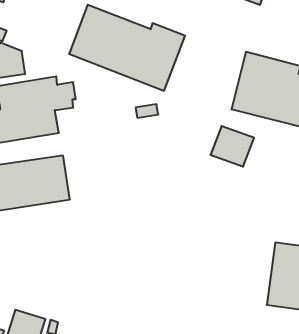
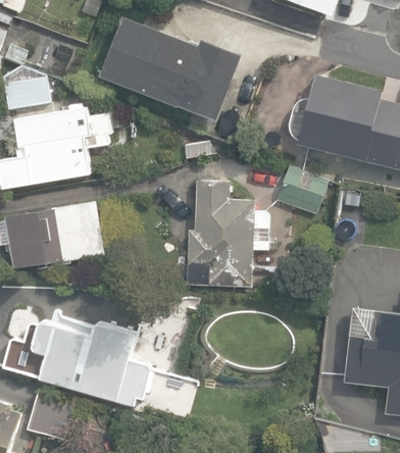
building: none -> [185,179,268,286]
building: none -> [31,319,156,401]

